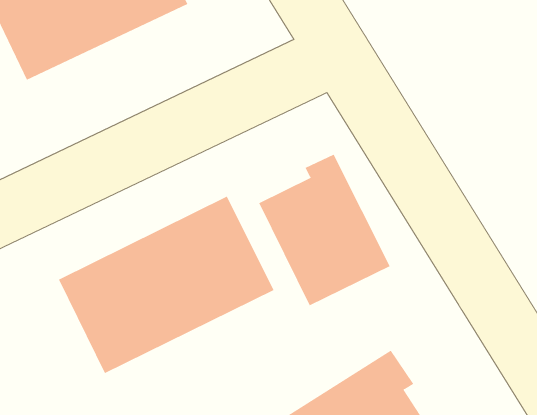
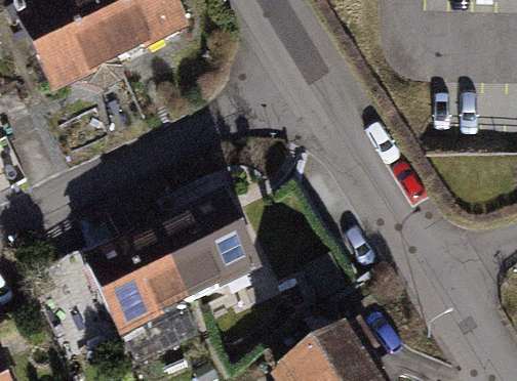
building: [259,154,390,306] -> none

